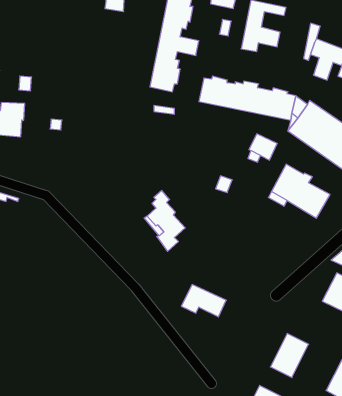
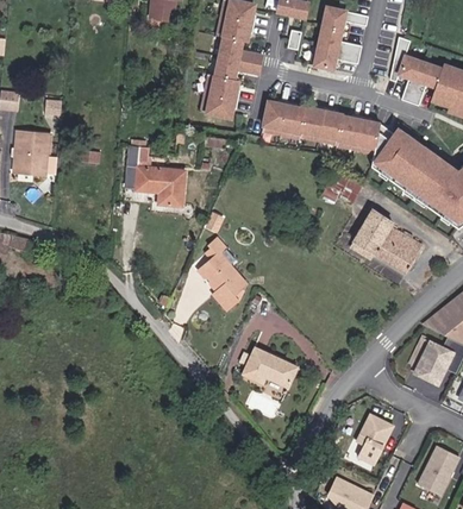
building: none -> [125,149,188,209]

